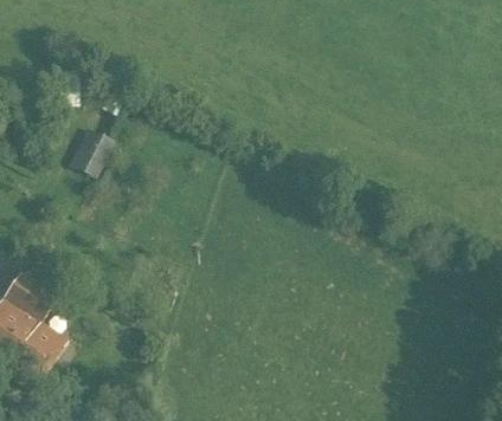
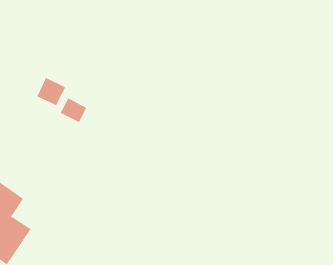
building: none -> [60,97,87,123]

